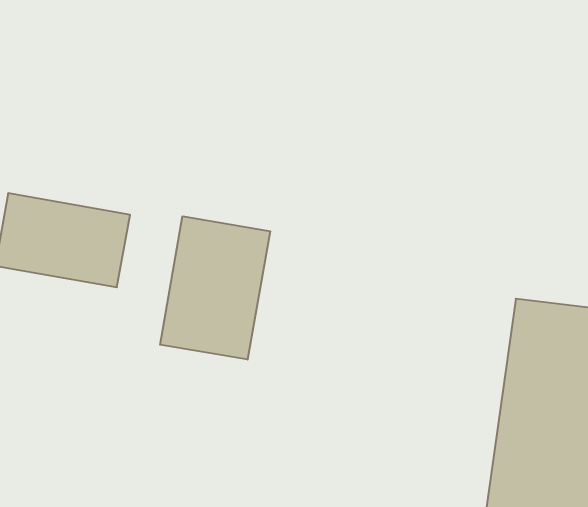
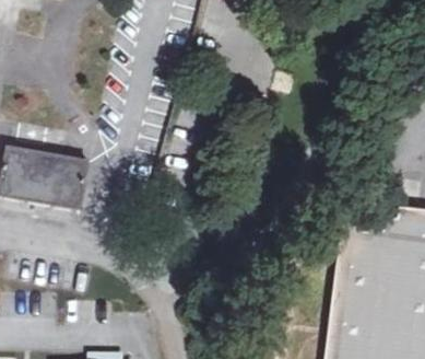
building: [160,216,270,360] -> none

